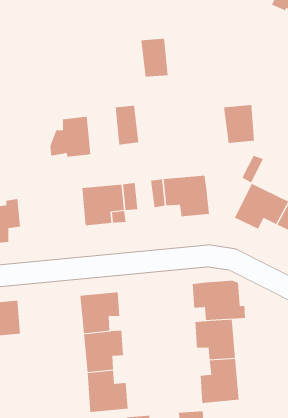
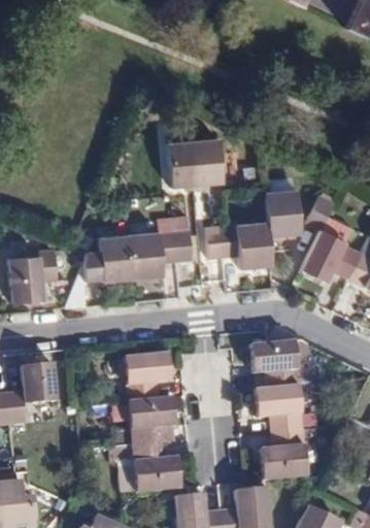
building: [140,38,168,77] -> [187,139,218,184]
building: [223,105,255,144] -> [264,192,300,236]
building: [49,116,91,157] -> [82,235,130,282]

